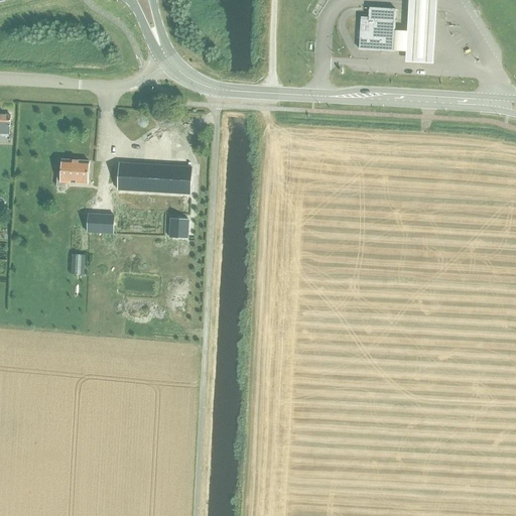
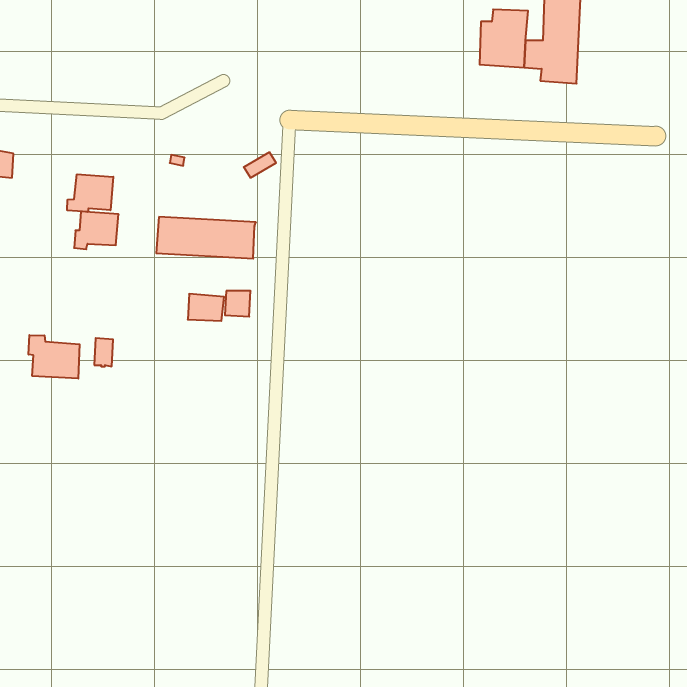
building: none -> [67,174,113,212]
building: [87,213,114,233] -> [188,294,224,321]
building: none -> [29,335,80,379]

